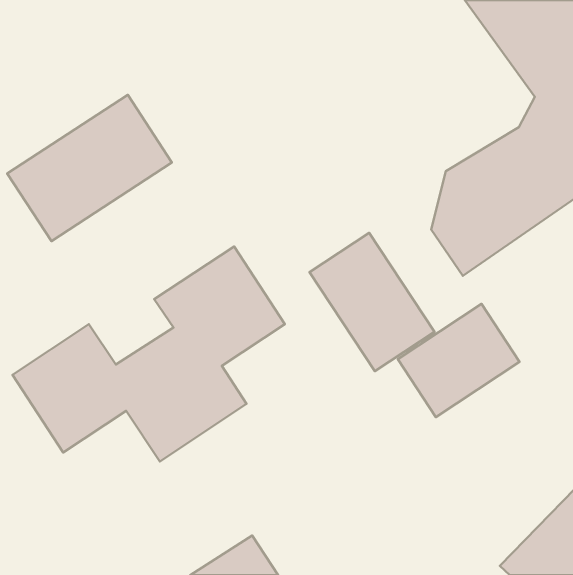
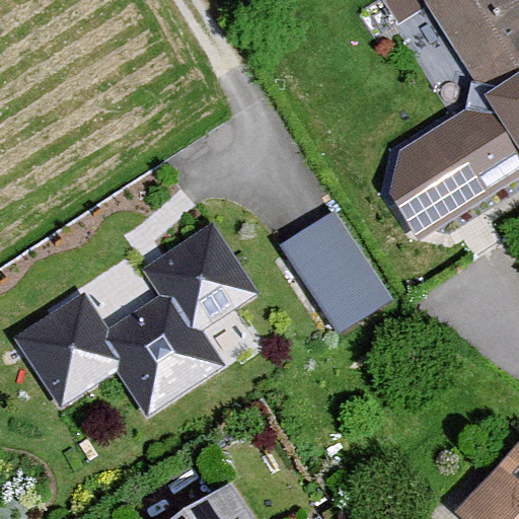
building: [7,95,172,241] -> none
building: [398,304,520,417] -> none

